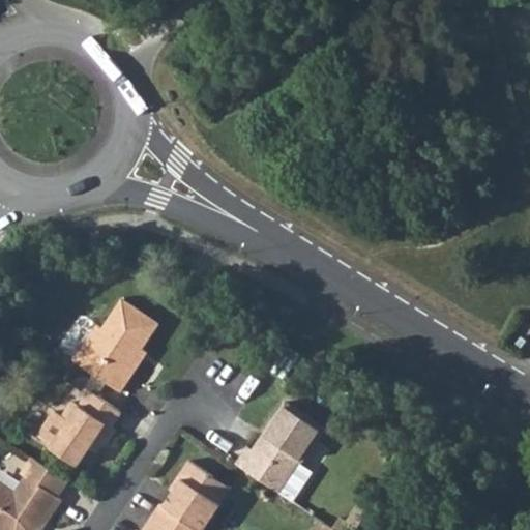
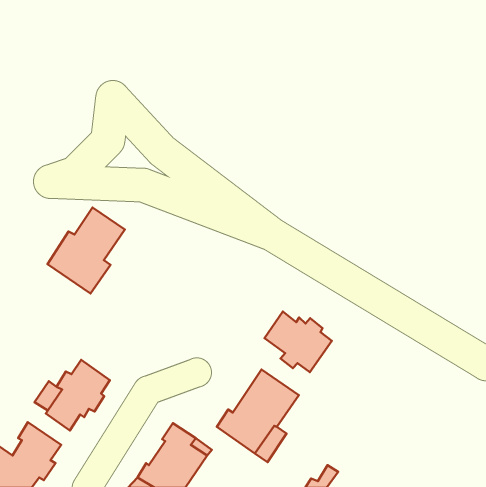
building: [73,301,157,394] -> [48,208,125,294]
building: none -> [265,312,332,372]

